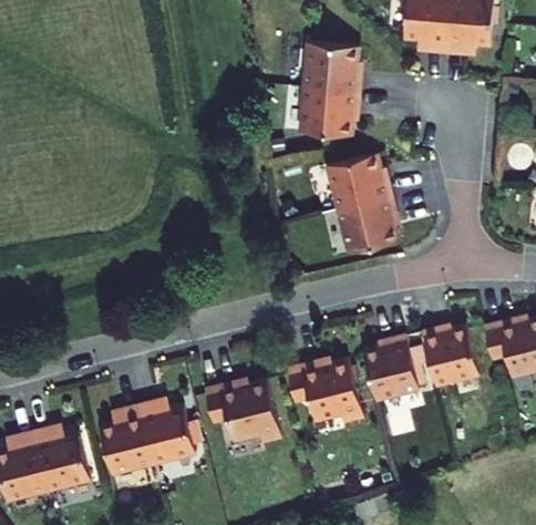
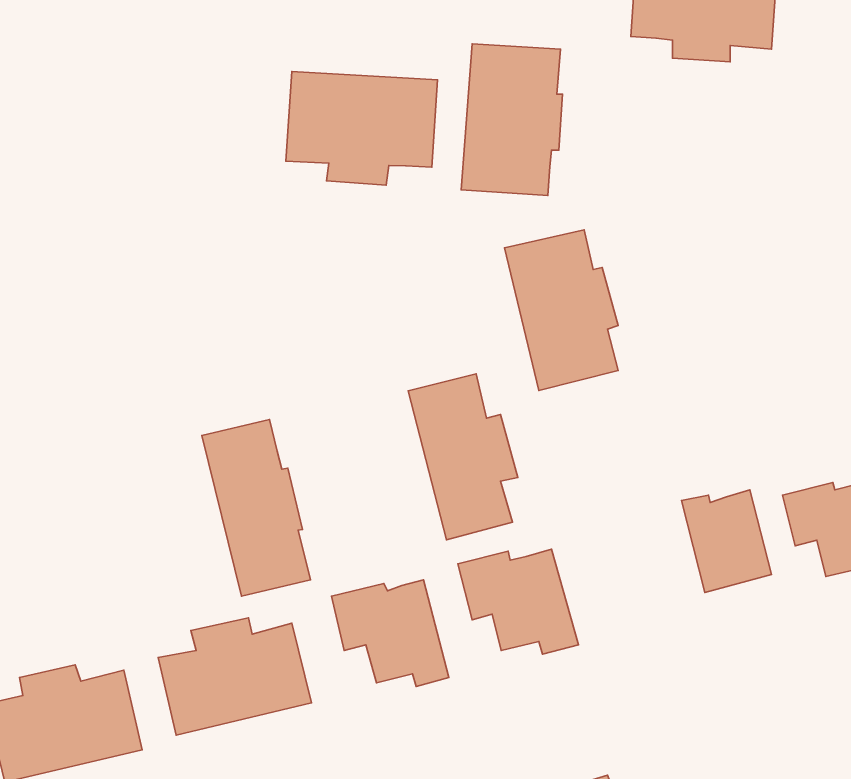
building: none -> [286,72,438,185]
building: none -> [408,374,518,540]
building: none -> [202,419,311,596]
building: [367,332,420,399] -> none

